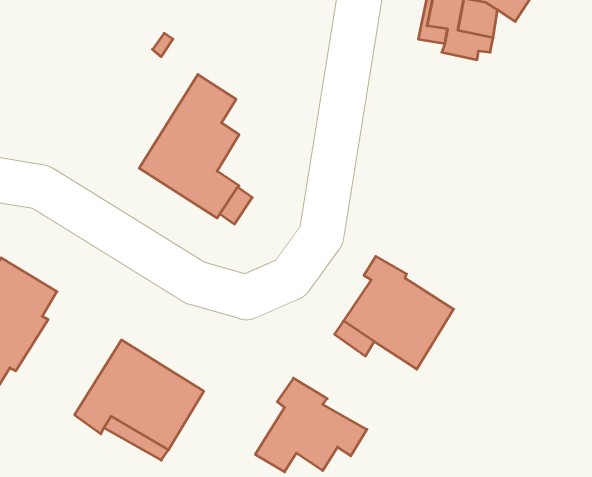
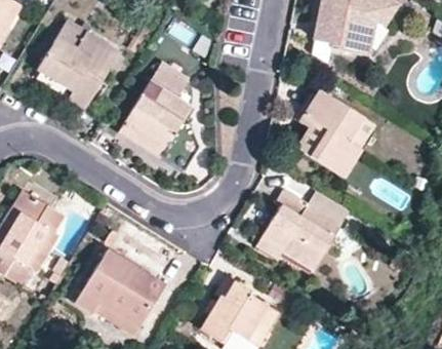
building: none -> [38,17,120,107]
building: none -> [297,87,365,177]

